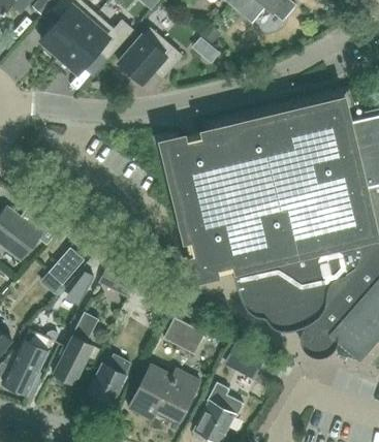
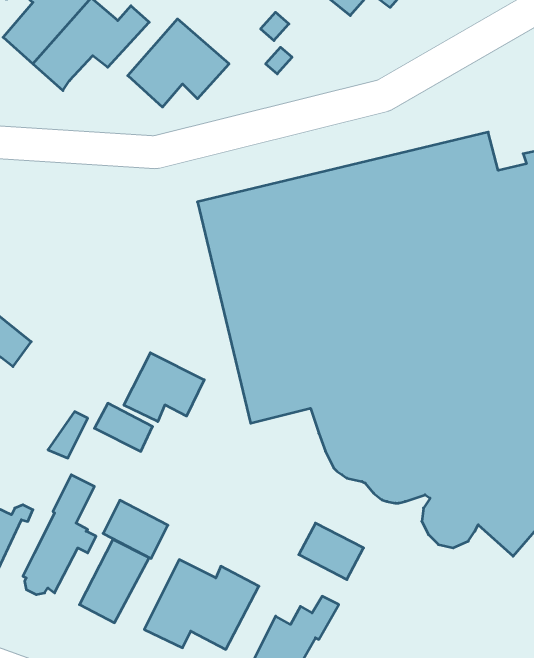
building: none -> [124,353,204,422]
building: [48,248,84,285] -> none
building: [163,318,203,354] -> [103,500,168,558]

